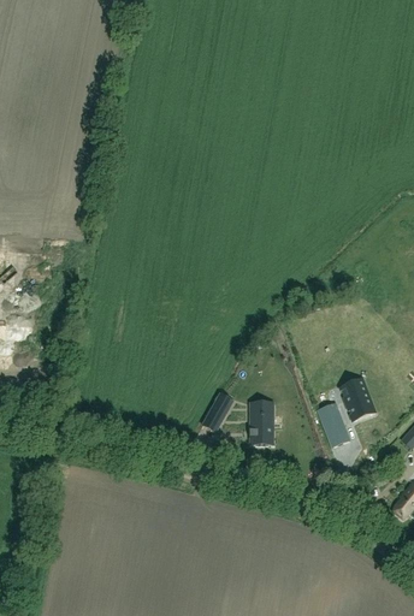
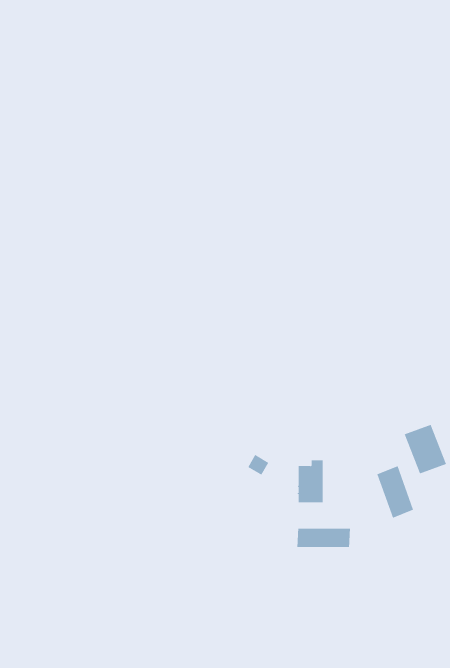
building: none -> [297,528,350,548]

